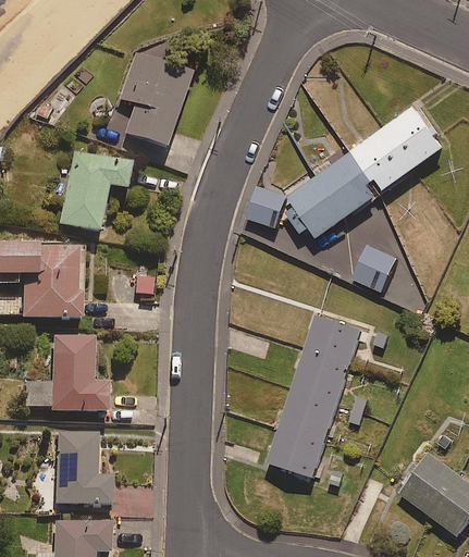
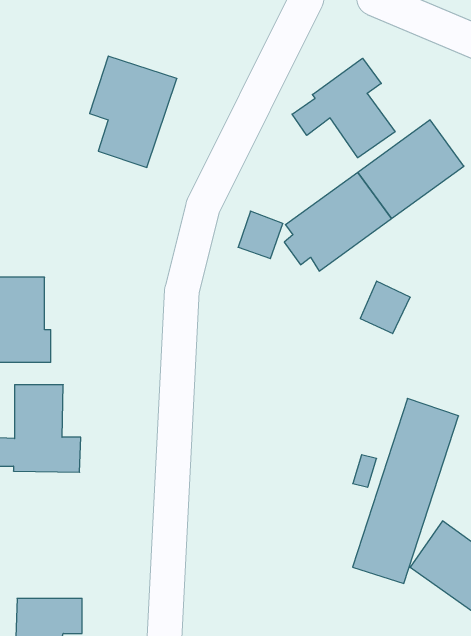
building: none -> [292,58,395,158]
building: [60,149,133,231] -> none
building: [269,314,361,475] -> [353,398,459,583]
building: [57,433,113,504] -> none

